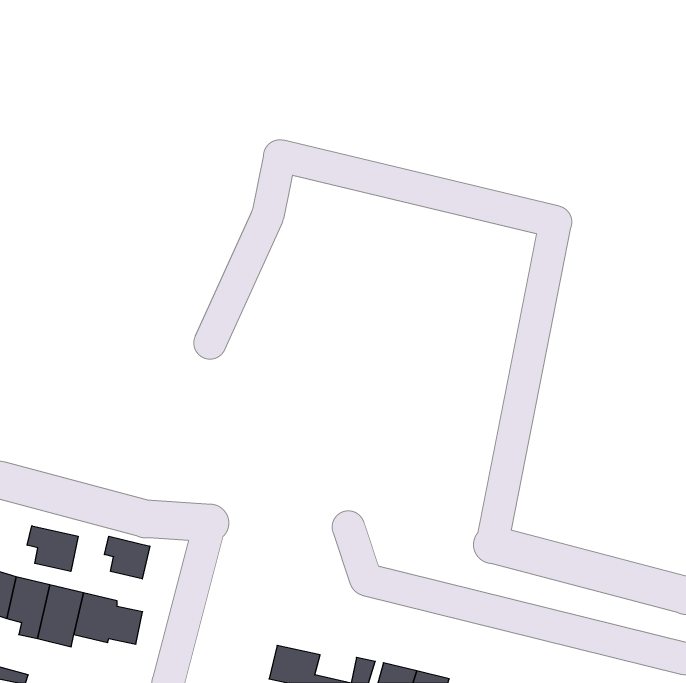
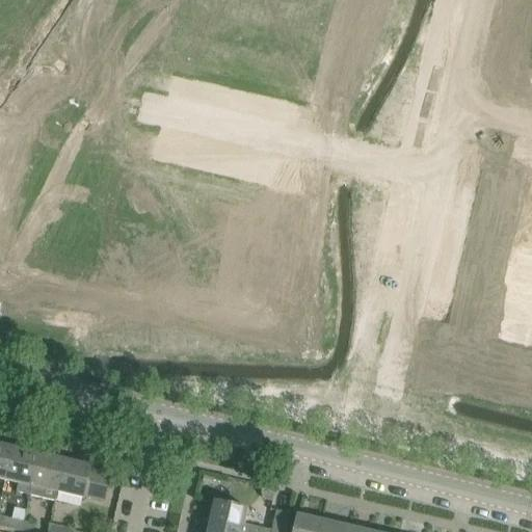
building: [27,526,78,571] -> none
building: [104,536,150,579] -> none

